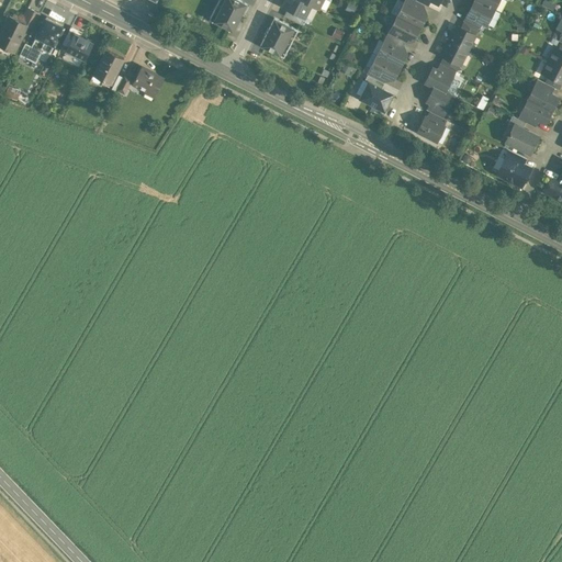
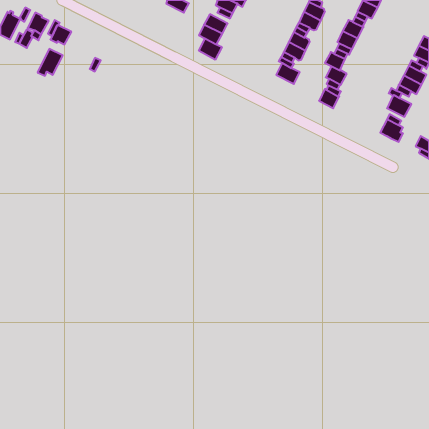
building: [210,4,240,32] -> none
building: [91,49,124,85] -> [38,49,63,76]
building: none -> [199,38,222,60]
building: [132,67,164,98] -> none

